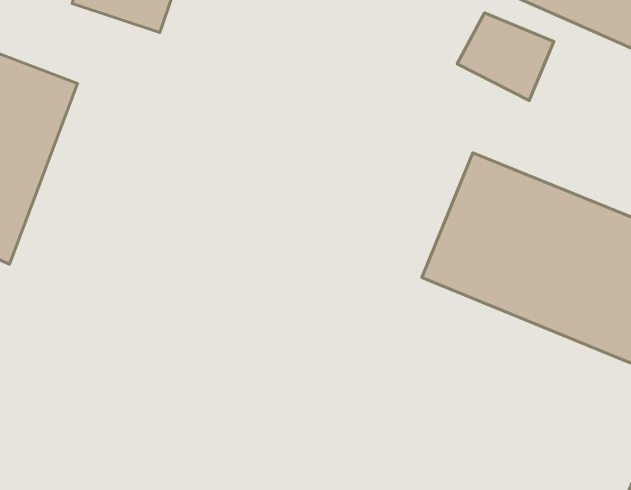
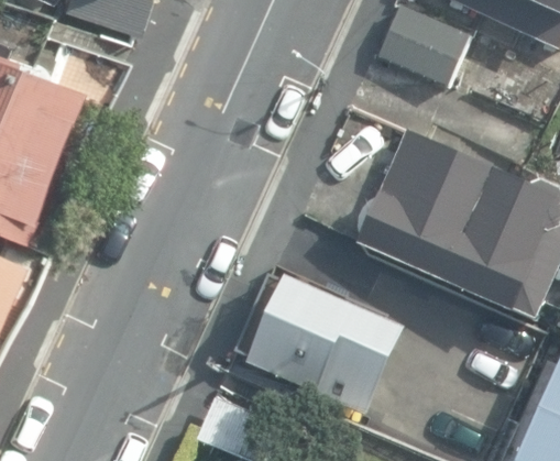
building: none -> [246,278,406,411]

